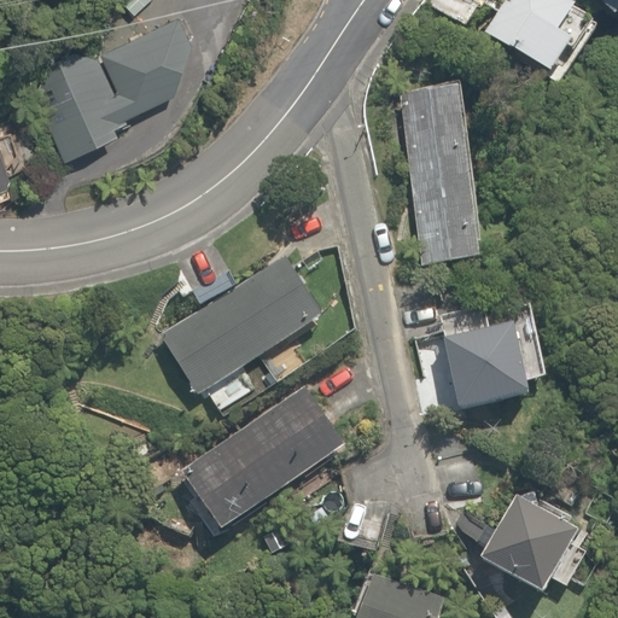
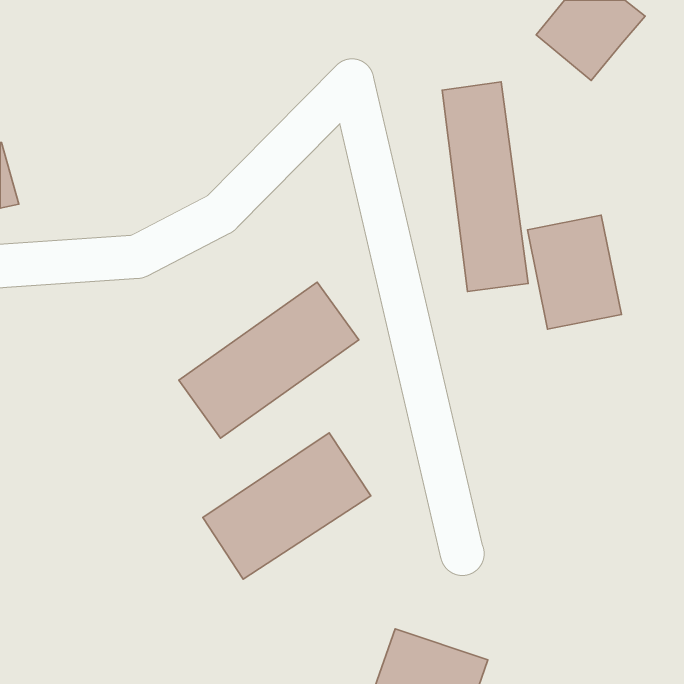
building: [52,18,215,173] -> none
building: [442,309,526,412] -> [527,215,621,329]
building: [477,484,571,579] -> none

